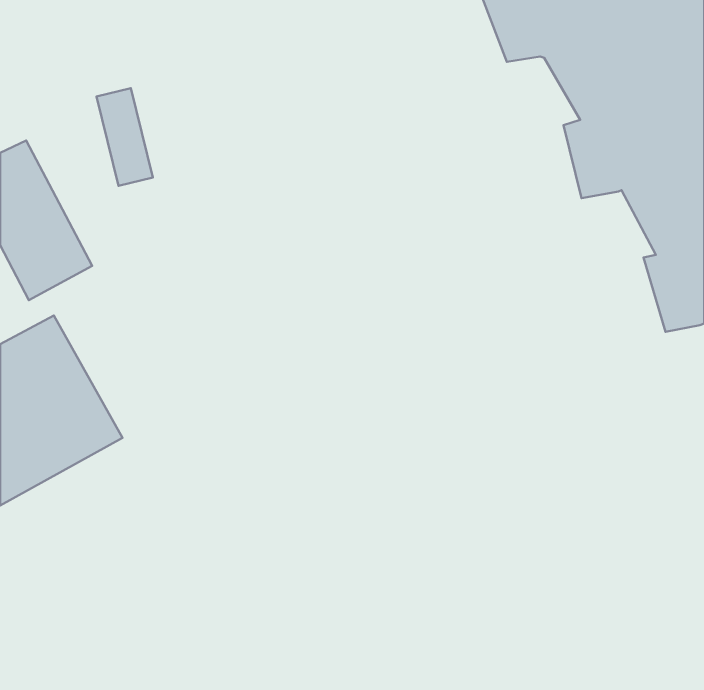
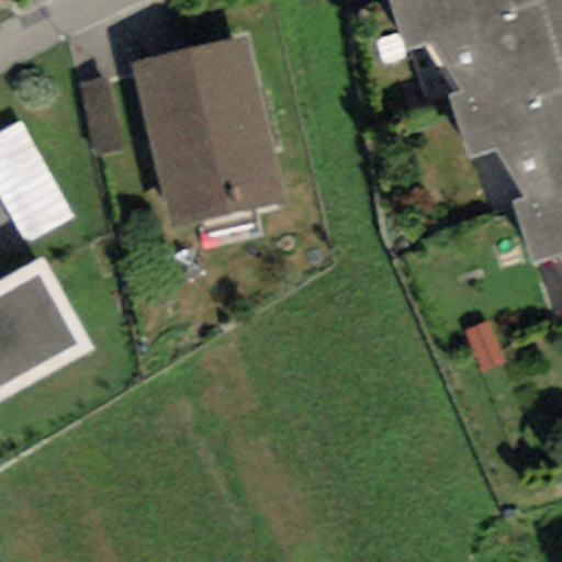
building: none -> [133,35,289,227]

